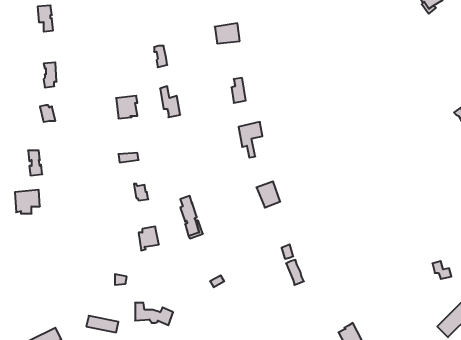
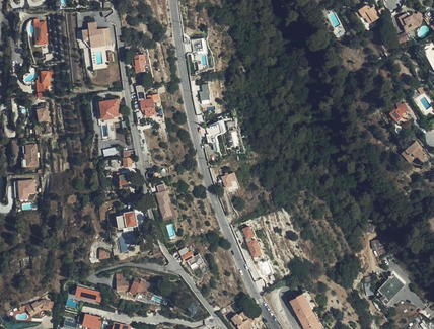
building: none -> [82,23,111,49]

